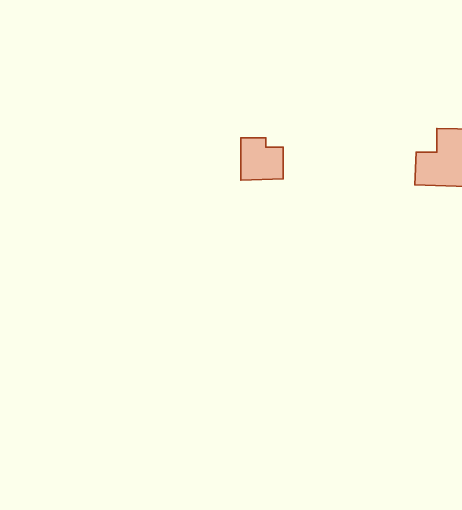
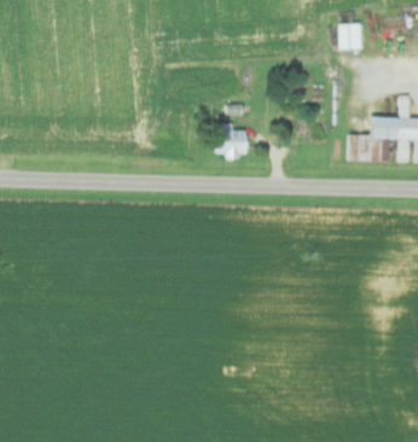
building: none -> [342,24,365,50]

